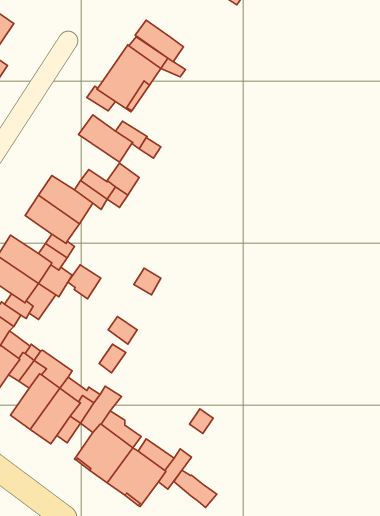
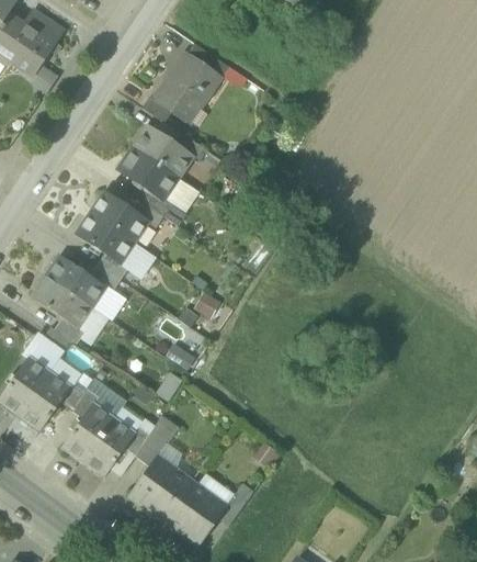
building: [135,20,184,62] -> none
building: none -> [118,147,175,198]
building: [68,265,101,299] -> [120,243,155,279]
building: [174,470,217,507] -> none

